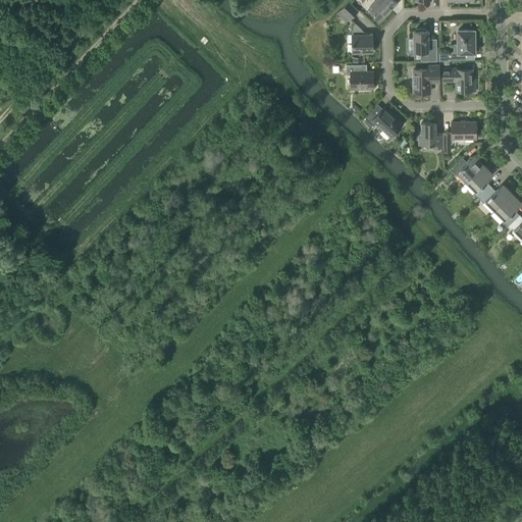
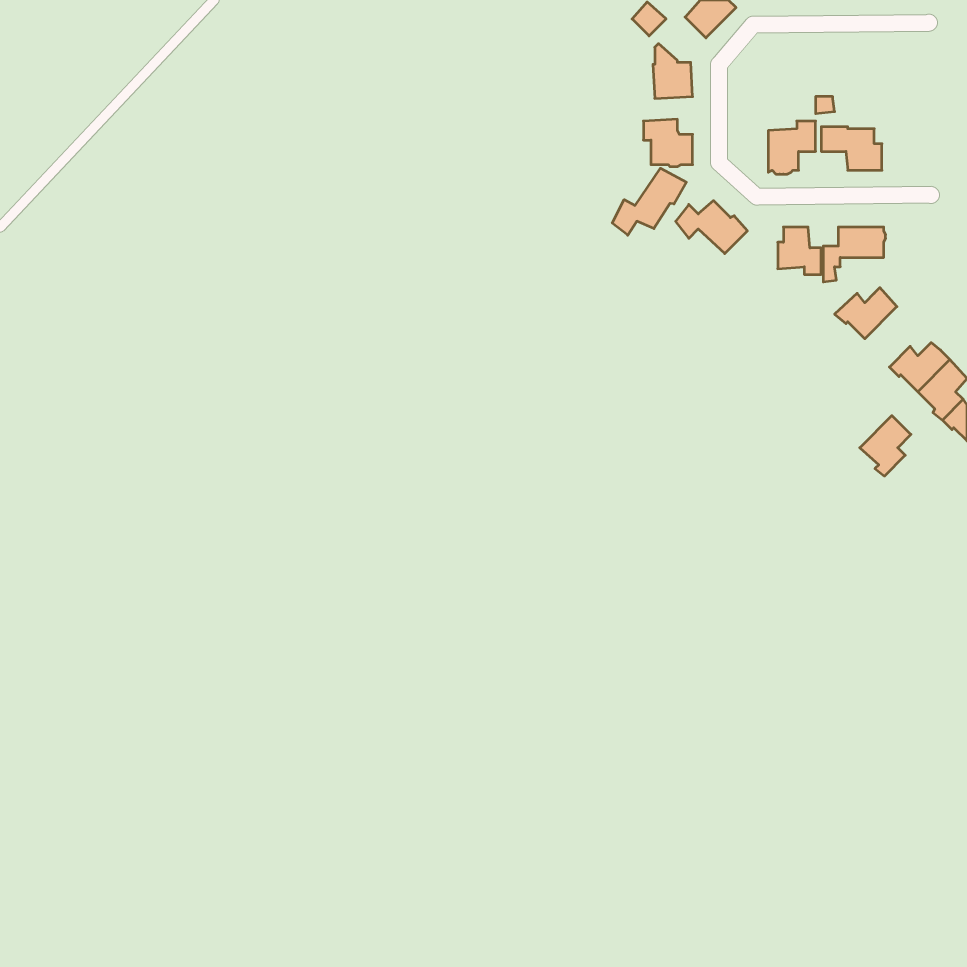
building: [414,29,437,61] -> none
building: [453,31,475,59] -> none
building: none -> [612,168,686,235]
building: [466,165,493,198] -> [860,416,911,476]

